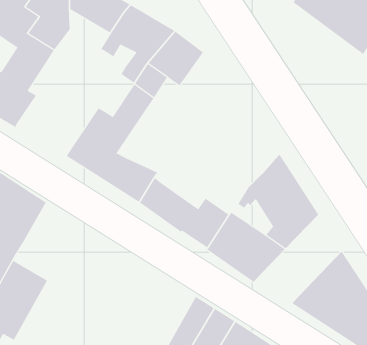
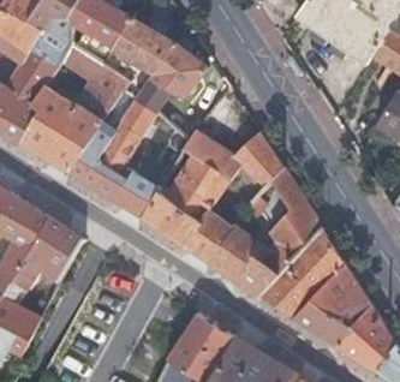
building: none -> [18,43,127,169]
building: none -> [162,130,281,222]
building: none -> [24,216,82,279]
building: none -> [257,228,344,317]

